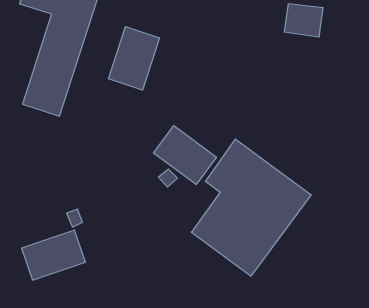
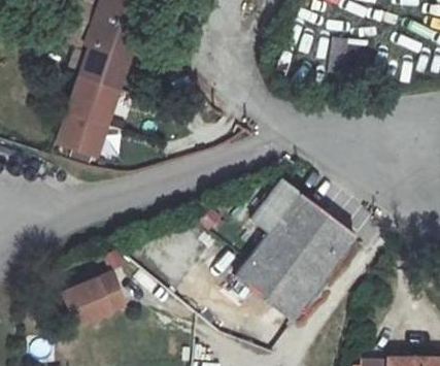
building: [109,27,160,90] -> none
building: [154,126,216,185] -> none

